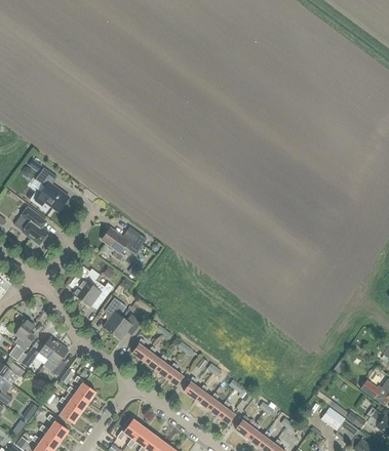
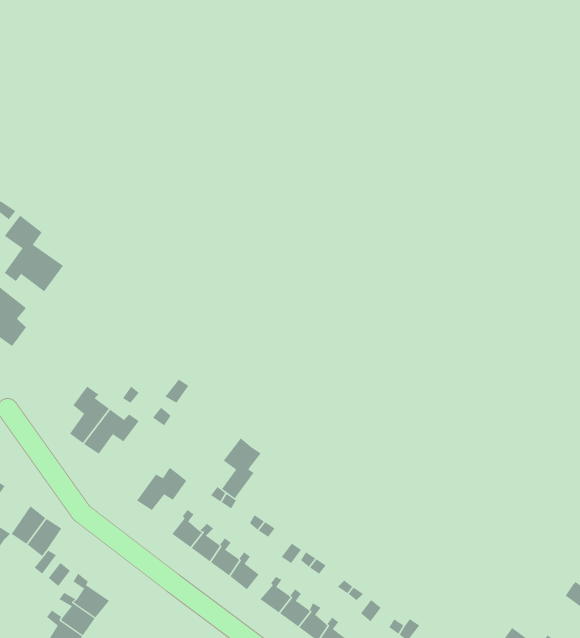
building: [102,229,140,252] -> none
building: [104,297,127,333] -> [221,438,262,499]

